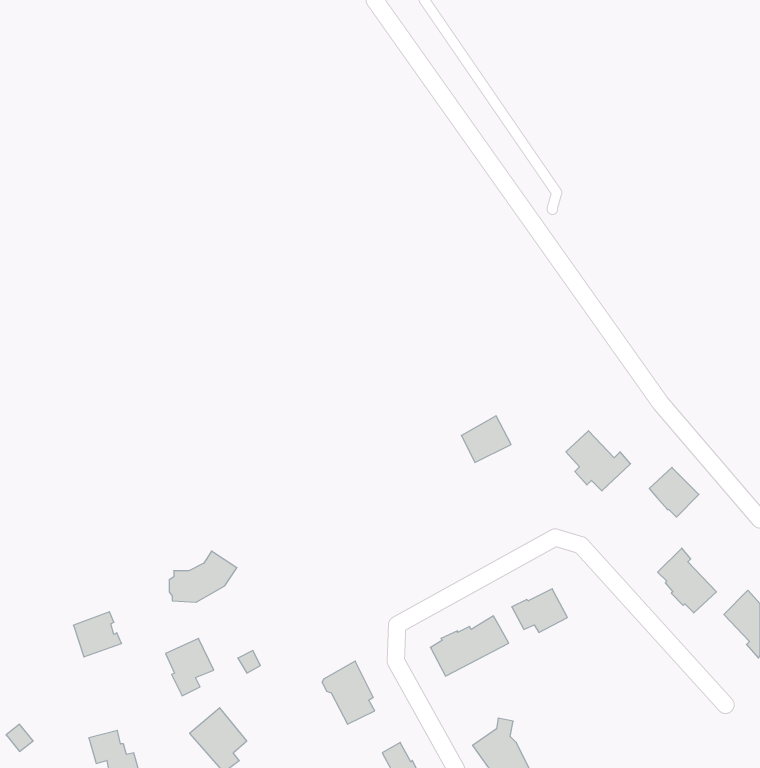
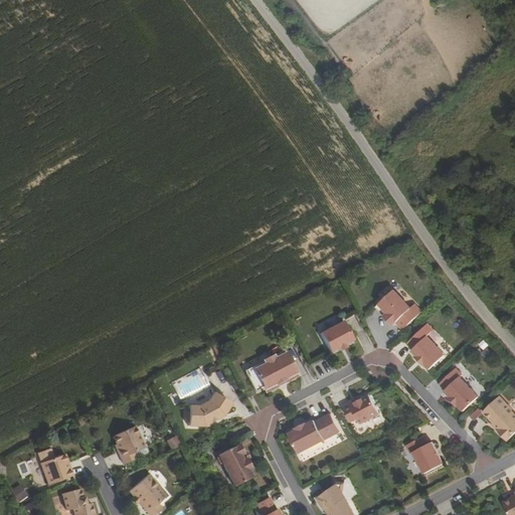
building: [461,416,511,462] -> [320,320,353,351]
building: [649,467,699,517] -> [411,336,445,369]
building: none -> [245,349,296,391]
building: [169,551,237,602] -> [184,392,229,426]
building: [73,612,122,657] -> [39,456,71,486]
building: none -> [405,437,444,474]

